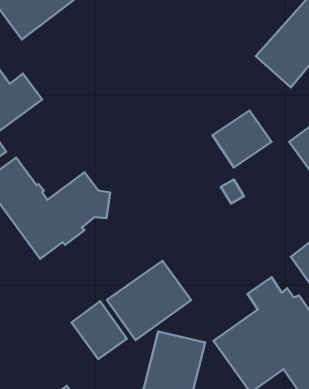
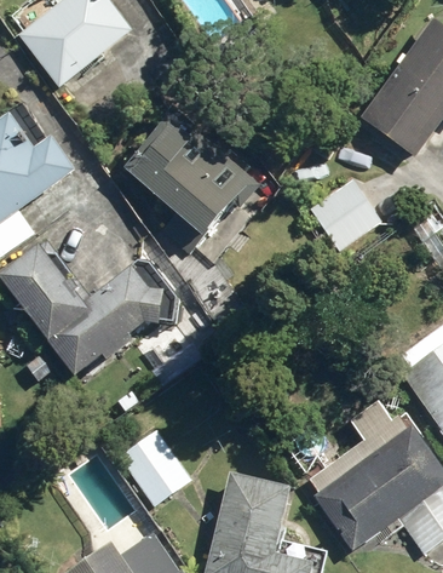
building: none -> [127,111,263,254]
building: [107,261,191,340] -> none

